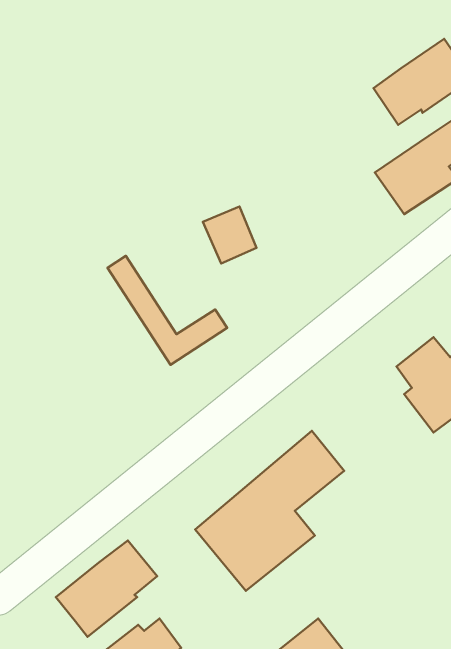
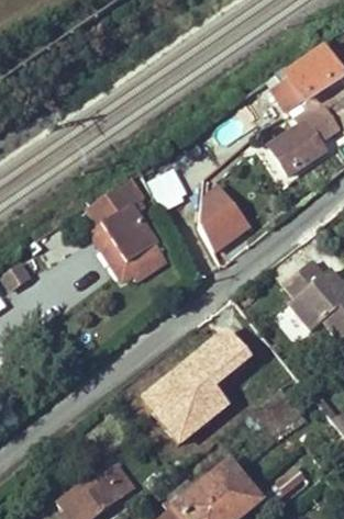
building: none -> [93,178,157,259]
building: none -> [189,182,249,249]
building: [56,540,157,637] -> none

